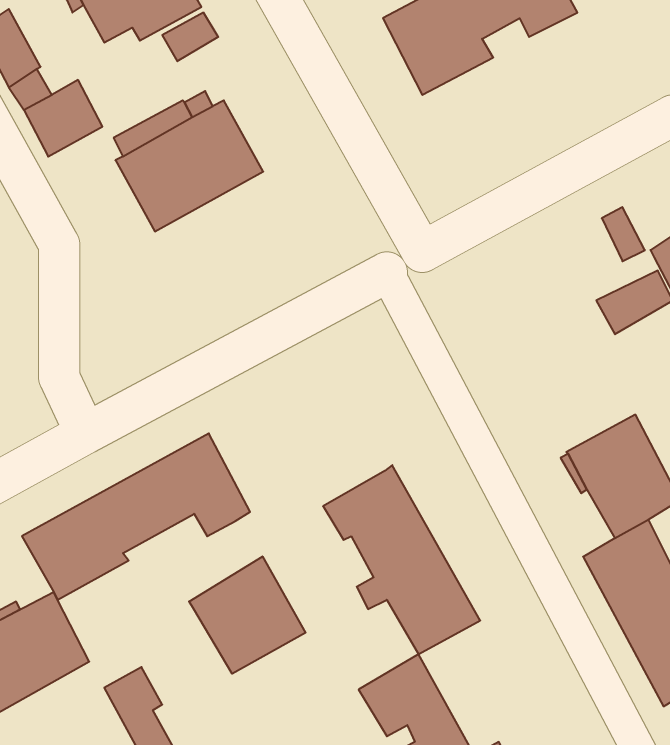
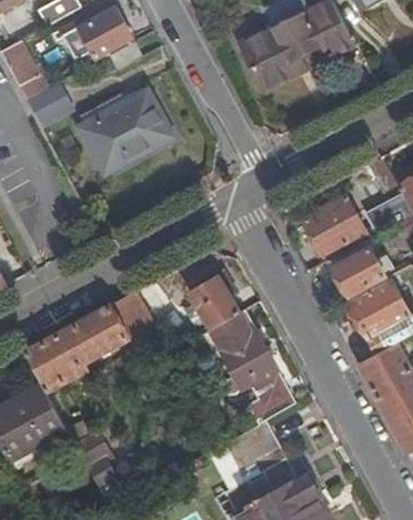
building: none -> [304,195,366,254]
building: none -> [334,245,386,294]
building: none -> [184,276,241,336]
building: [189,556,306,674] -> none

